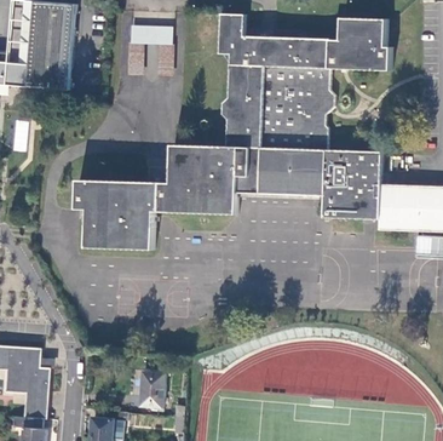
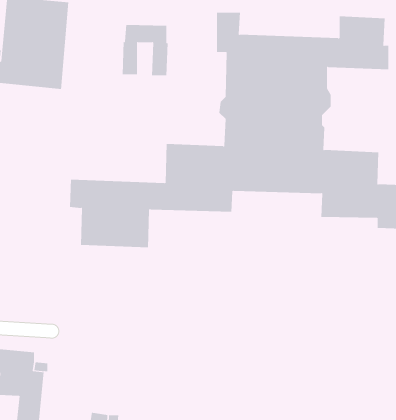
building: [140,372,165,411] -> none

